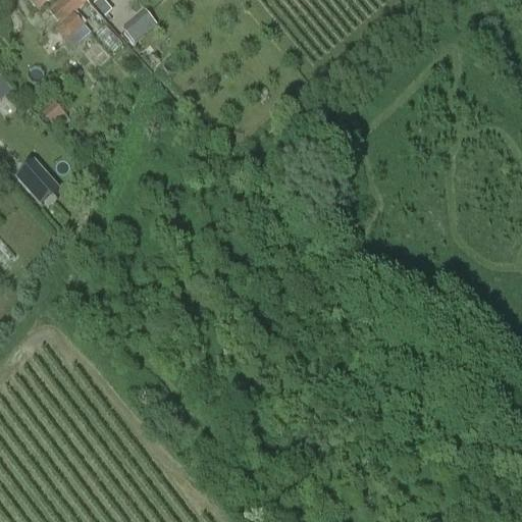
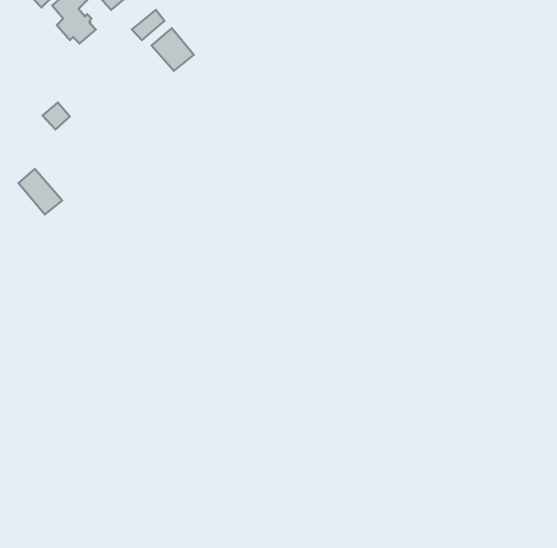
building: none -> [151,28,194,71]

